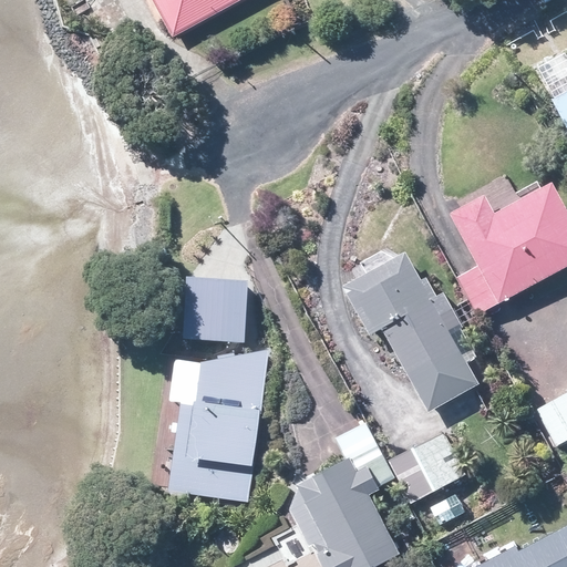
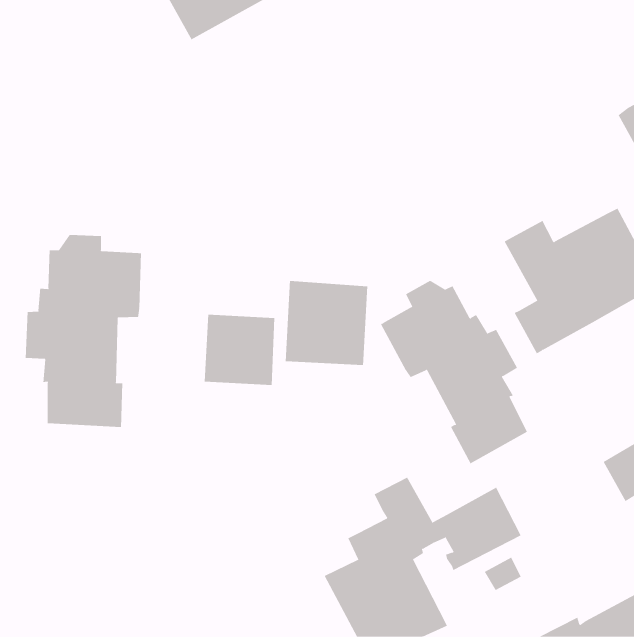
building: none -> [25,234,142,428]
building: none -> [285,280,368,366]
building: [169,350,268,501] -> none

